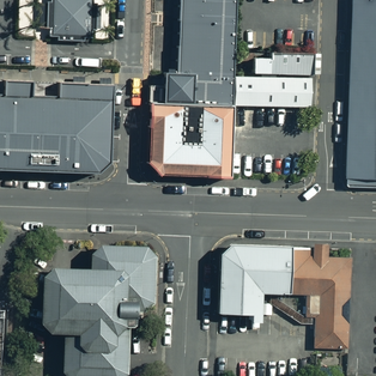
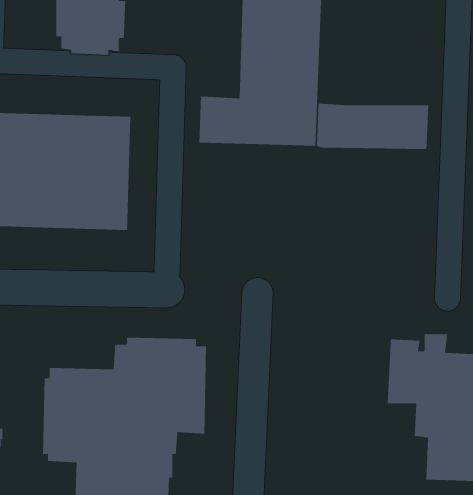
building: [254,53,315,78] -> none
building: [147,105,234,177] -> none
building: [212,237,286,315] -> none

